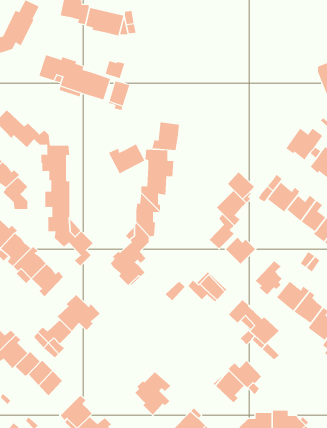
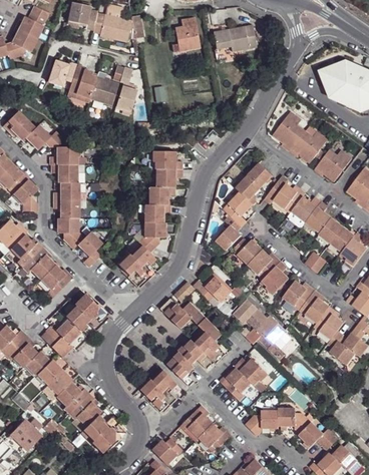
building: none -> [175,18,201,51]
building: none -> [214,25,257,51]
building: none -> [273,111,305,150]
building: [152,122,180,151] -> none
building: [108,143,145,174] -> none
building: none -> [245,161,273,188]
building: none -> [247,250,280,279]
building: none -> [158,300,225,387]
building: none -> [55,380,89,413]

